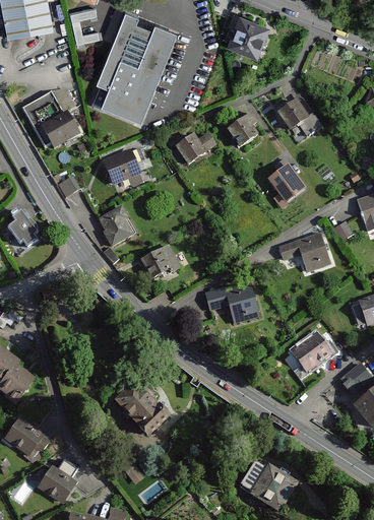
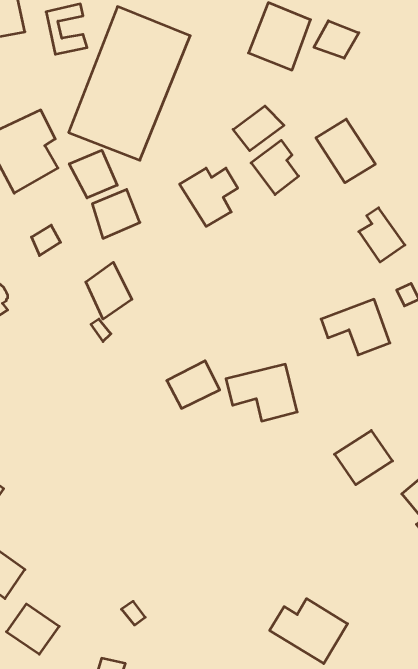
building: none -> [314,21,359,58]
building: none -> [233,106,284,151]
building: none -> [69,150,117,198]
building: [268,157,304,199] -> [359,208,405,262]
building: [139,244,180,280] -> [167,361,220,408]
building: [112,377,172,437] -> none

